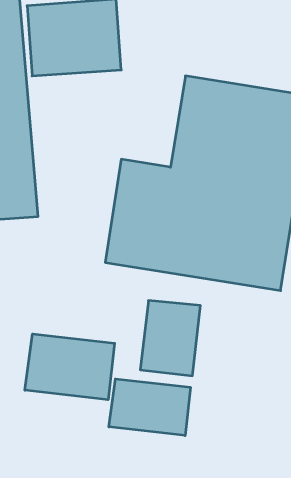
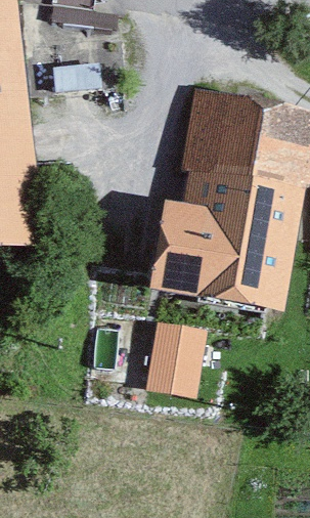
building: [25,334,115,400] -> none
building: [109,379,190,436] -> none

